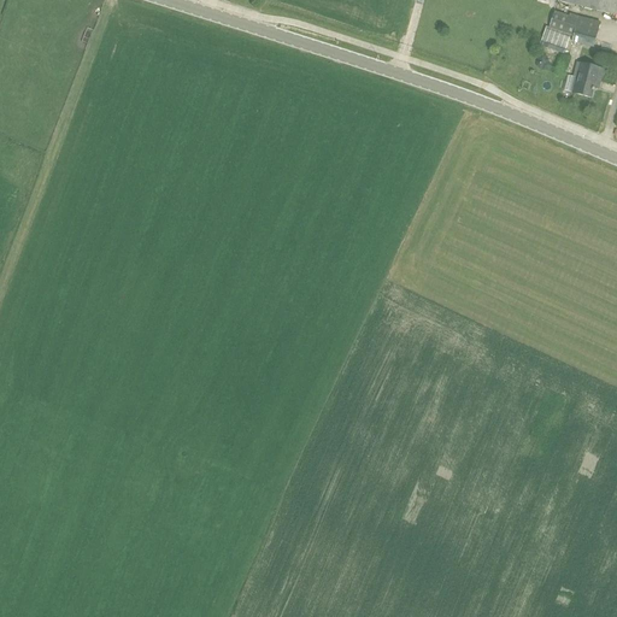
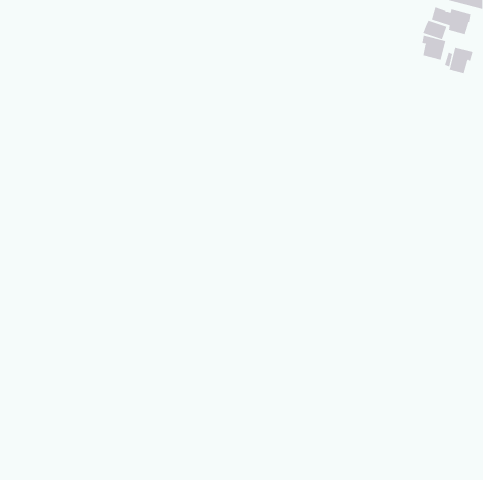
building: none -> [422,35,446,60]

